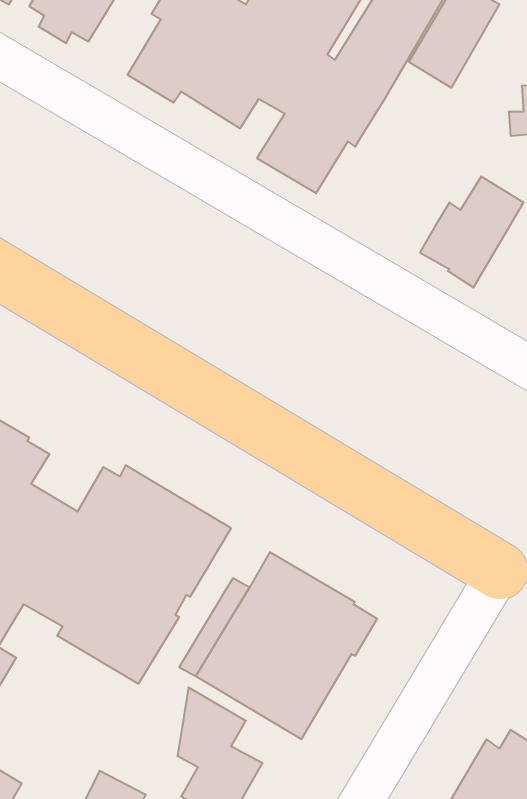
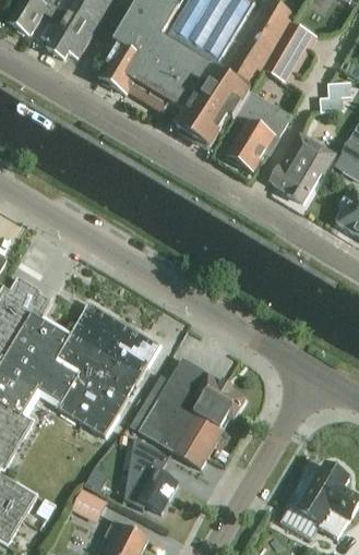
building: none -> [227,92,288,171]

